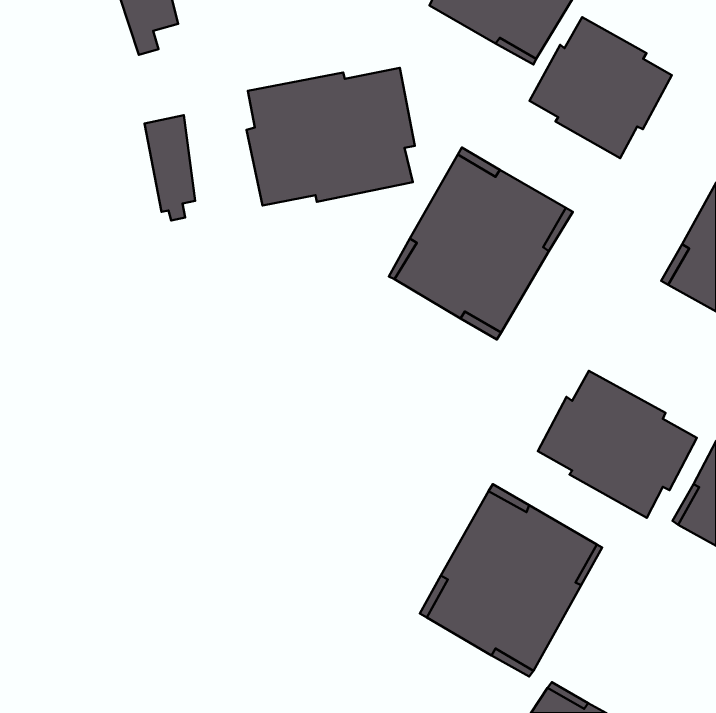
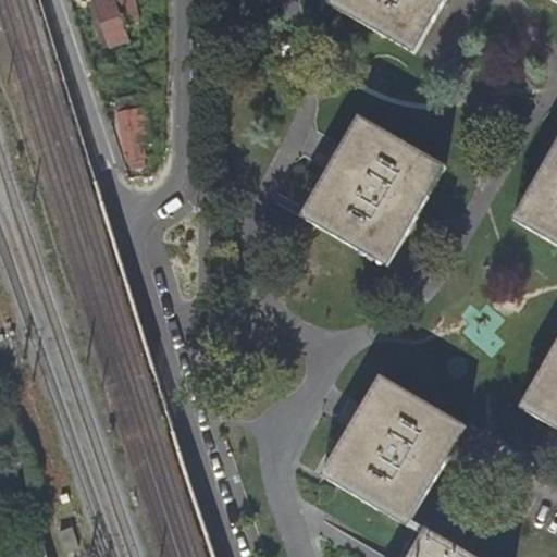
building: [530,17,672,158] -> none
building: [246,68,415,206] -> none
building: [538,371,697,518] -> none

